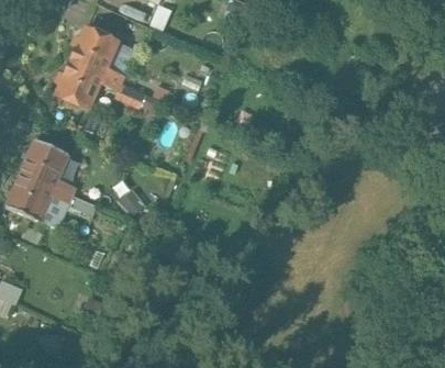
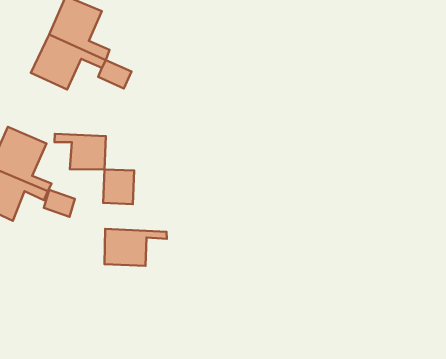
building: none -> [54,134,106,169]
building: none -> [104,229,167,266]

